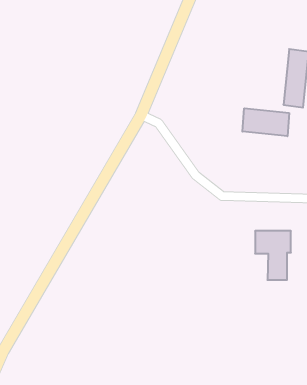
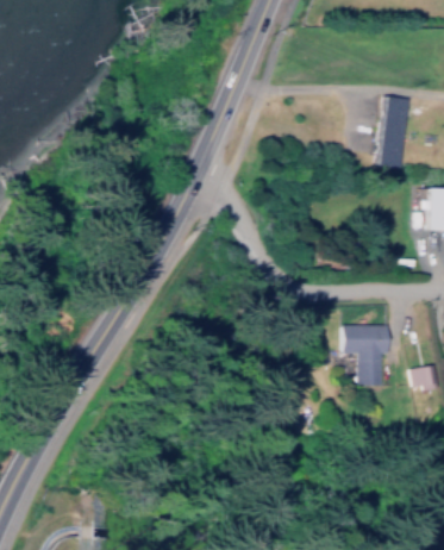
building: [242,108,289,136] -> none

